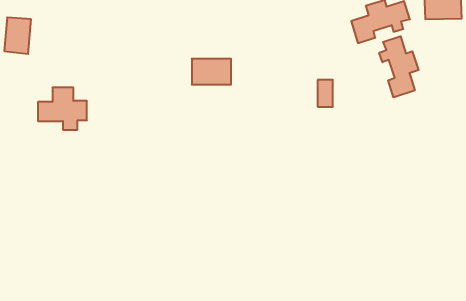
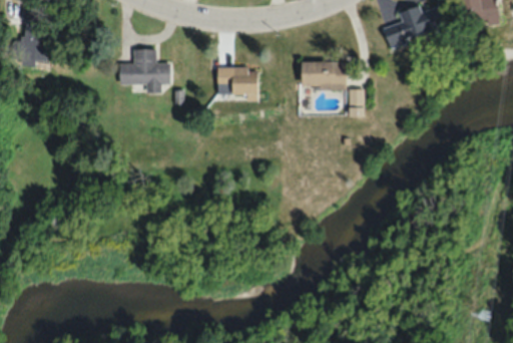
building: [379,36,419,97] -> none
building: none -> [300,61,346,88]
building: [38,88,87,130] -> [119,49,170,93]

